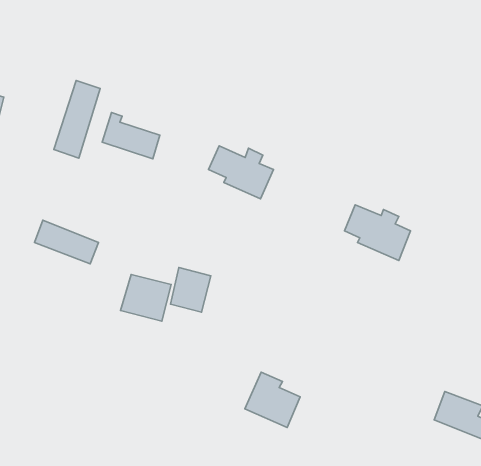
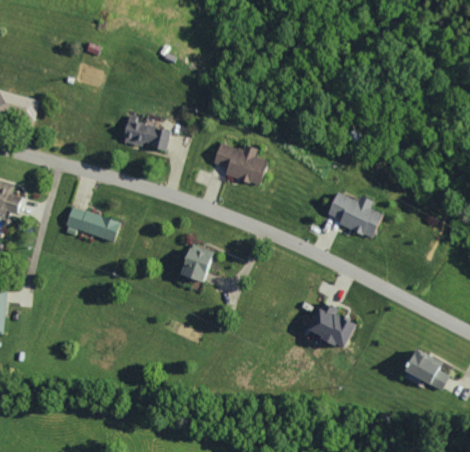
building: [54,81,100,158] -> none
building: [120,275,171,321] -> none
building: [245,372,300,428] -> [305,302,352,349]

